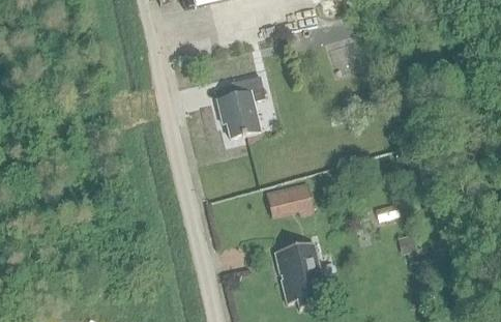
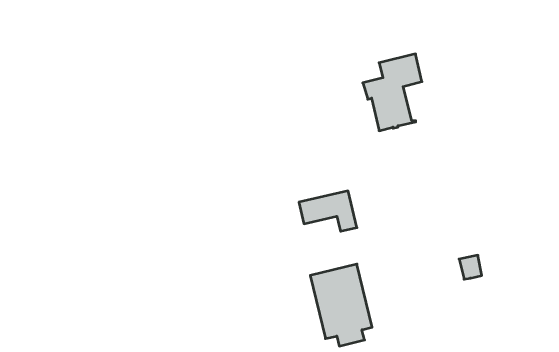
building: [214,75,263,138] -> [363,54,422,131]

